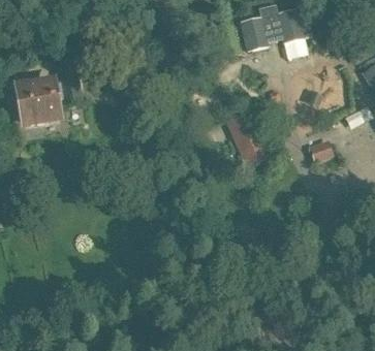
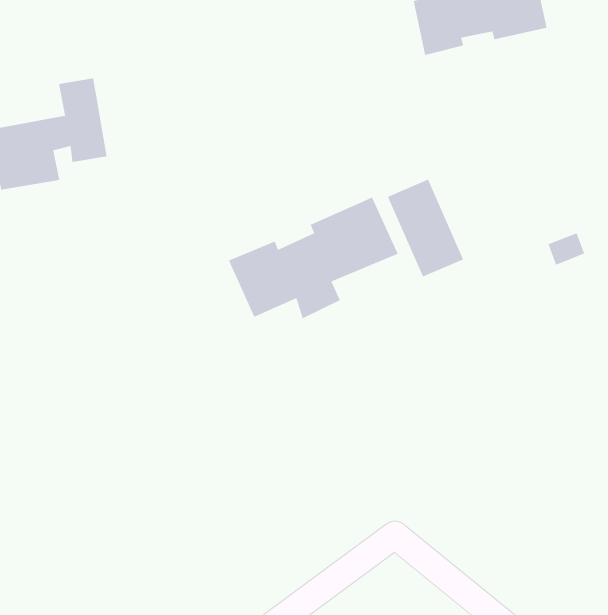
building: none -> [228,197,399,319]

